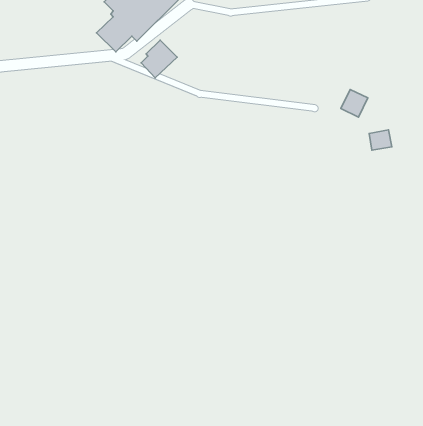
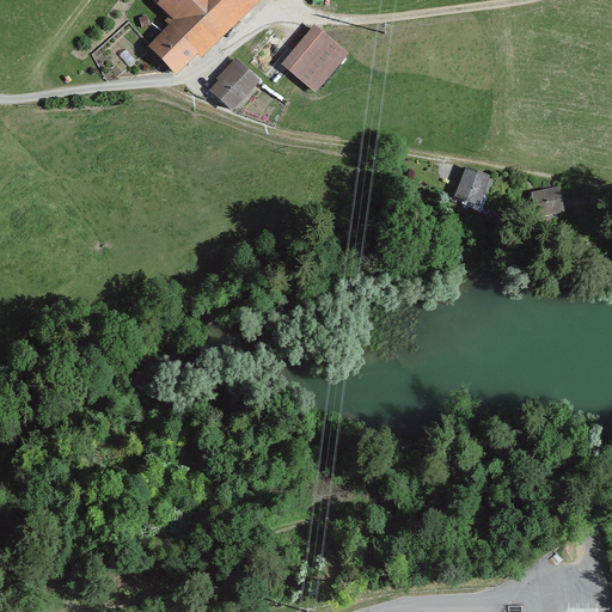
building: none -> [280,23,349,93]
building: [341,89,368,117] -> [452,163,490,202]

